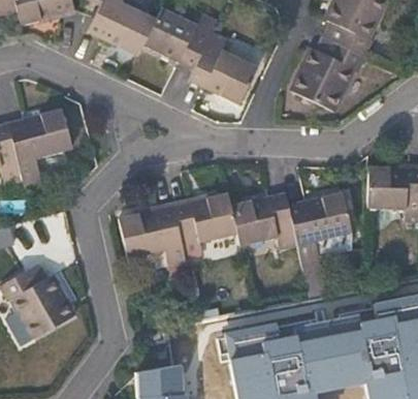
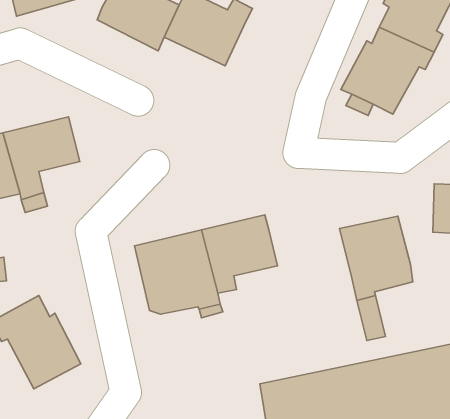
building: [189,31,257,104] -> none
building: [231,192,300,250] -> none

